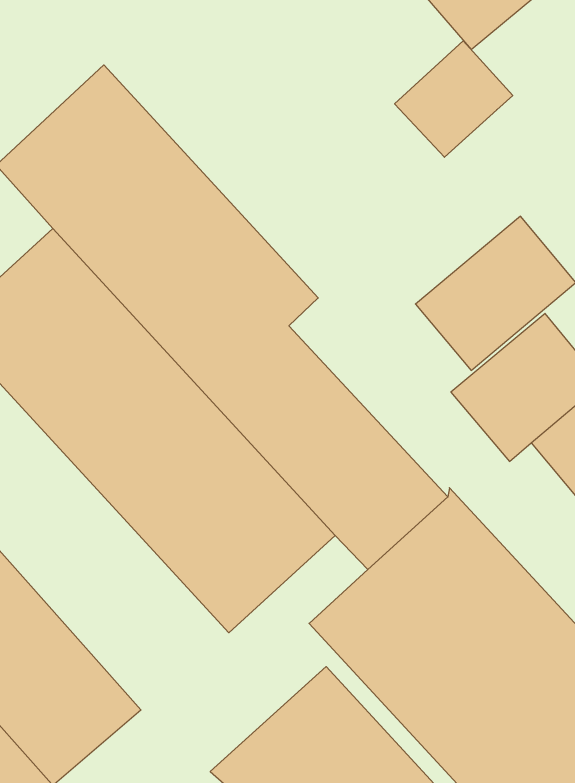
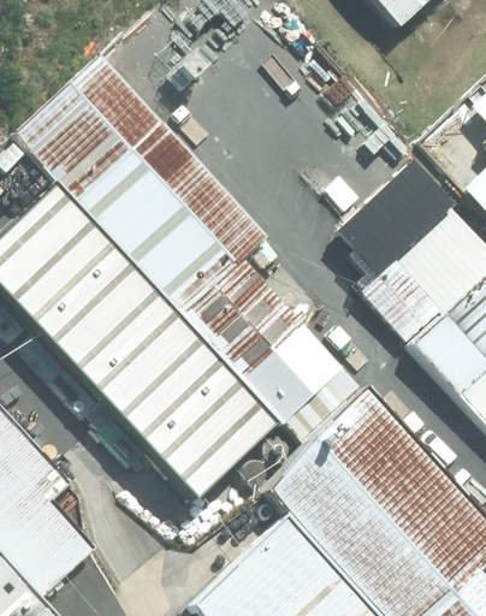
building: [395,41,513,157] -> none

